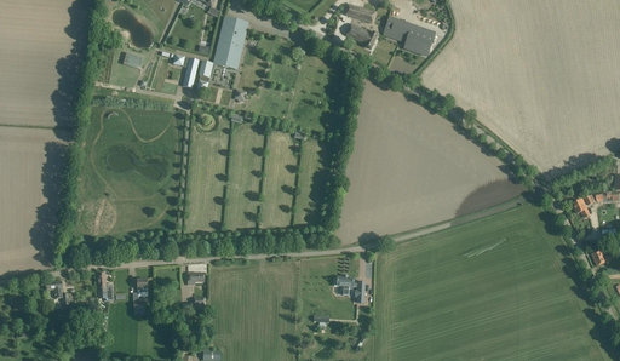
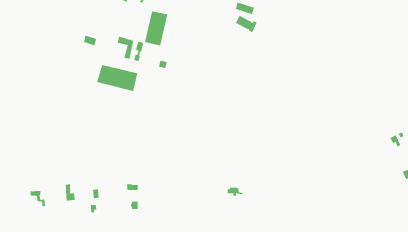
building: [384,17,436,56] -> none
building: none -> [97,64,138,92]

